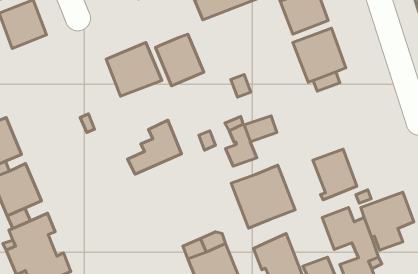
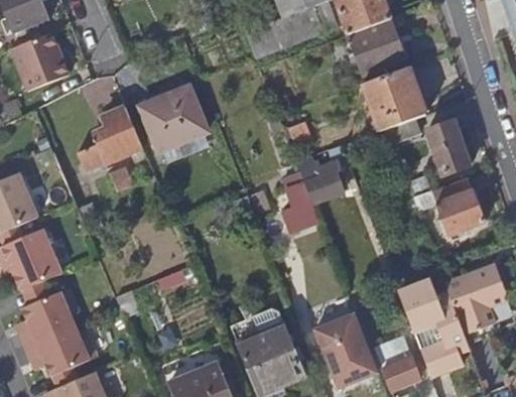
building: [156,34,204,86] -> none
building: none -> [427,120,471,175]
building: [128,120,181,174] -> [76,107,140,171]
building: [313,149,357,200] -> [431,176,484,237]
building: [231,165,295,228] -> none

